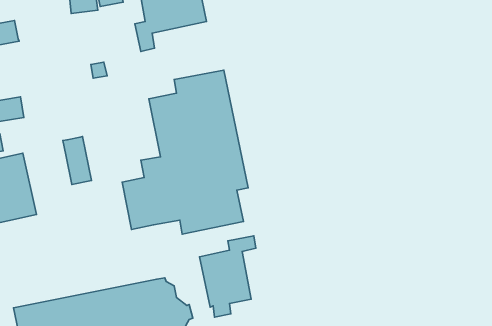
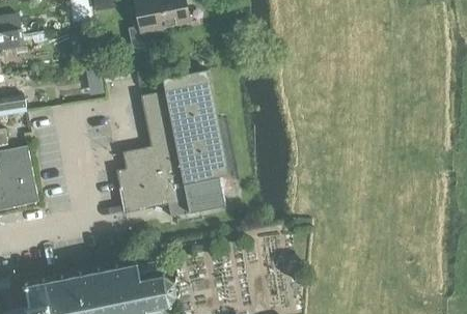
building: [63,136,91,185] -> none
building: [200,236,256,317] -> none

